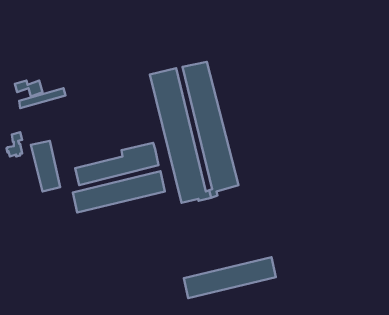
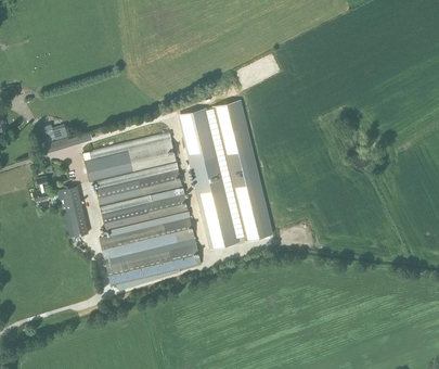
building: none -> [86,137,178,179]
building: none -> [96,166,183,203]
building: [184,257,276,298] -> [107,241,202,283]

